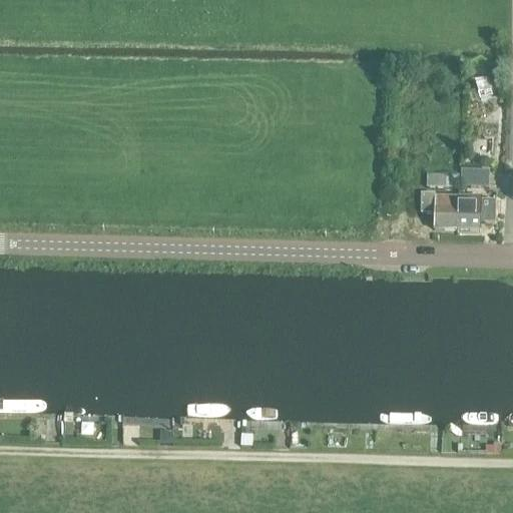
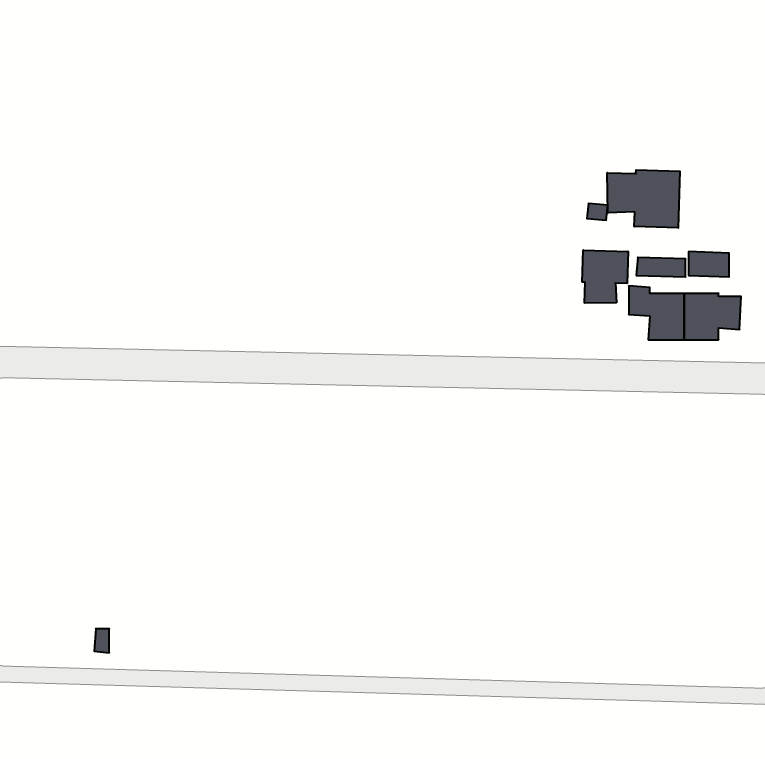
building: none -> [607,170,680,228]
building: none -> [582,250,628,303]

